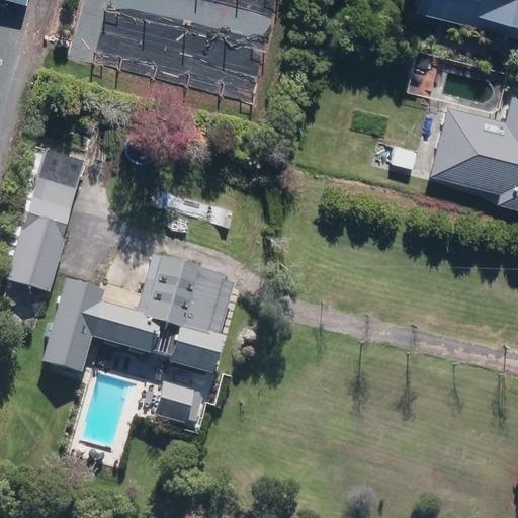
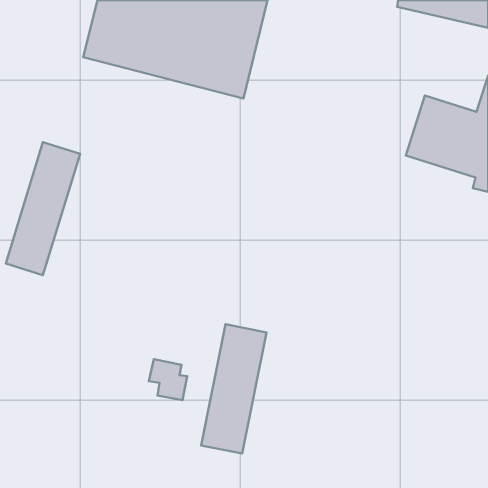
building: [44,258,234,374] -> none
building: none -> [201,324,266,454]

